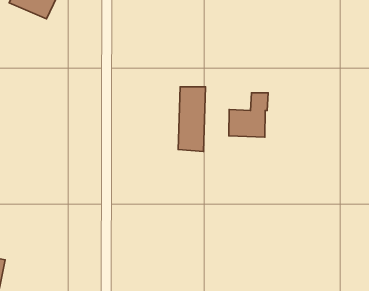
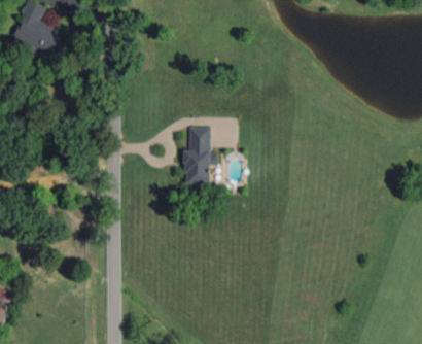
building: [229,93,268,137] -> none

